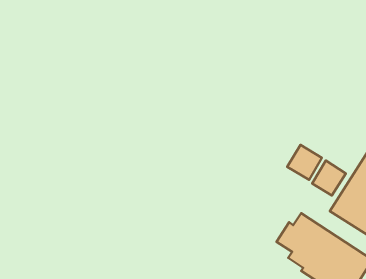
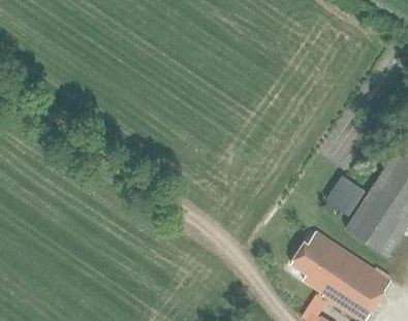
building: [287,145,322,180] -> none

